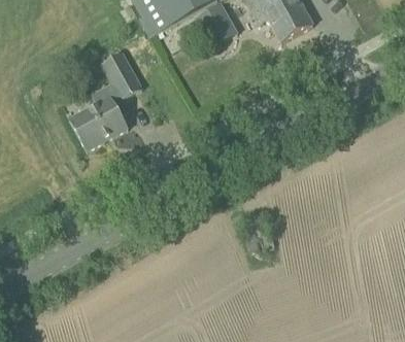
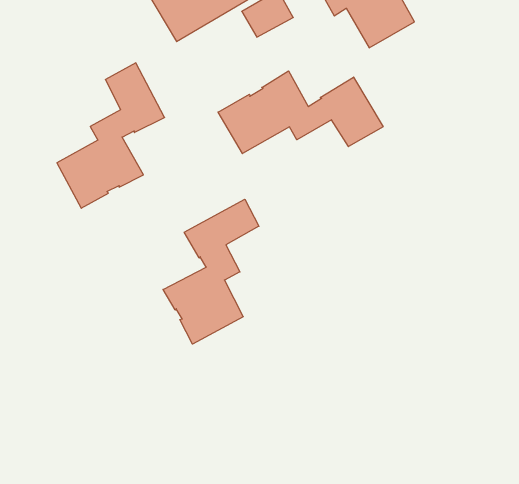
building: none -> [218,71,383,154]
building: none -> [163,199,259,344]

